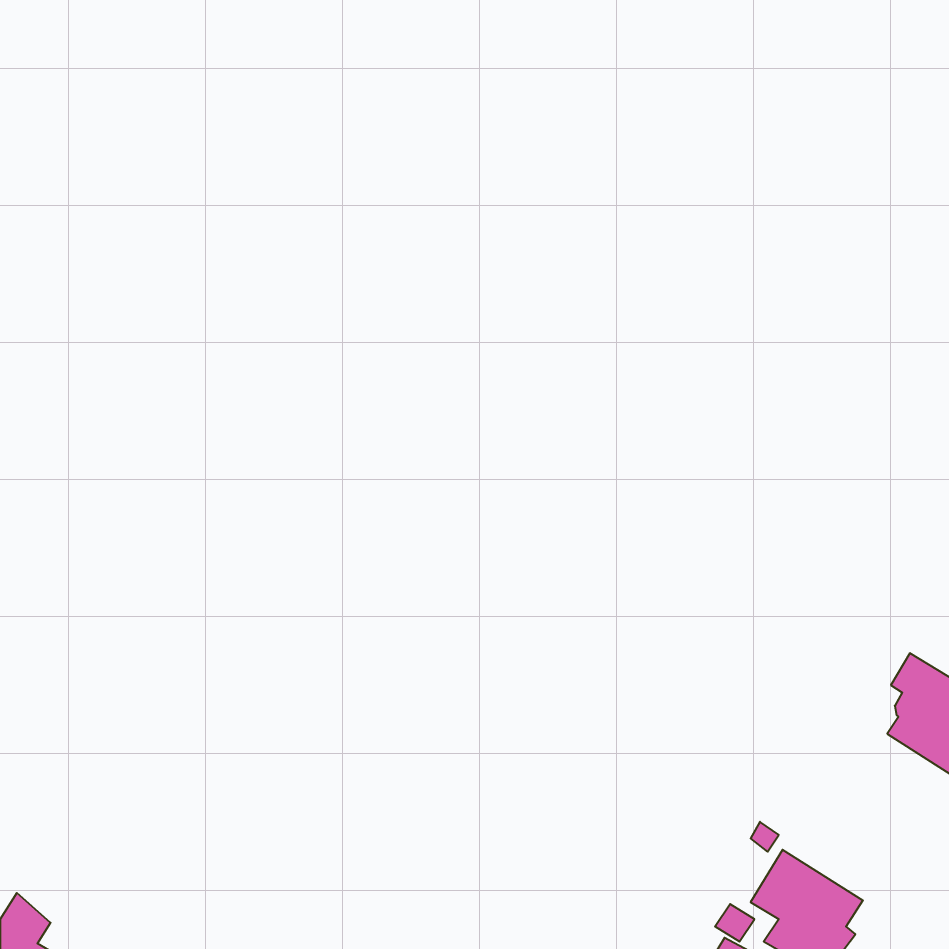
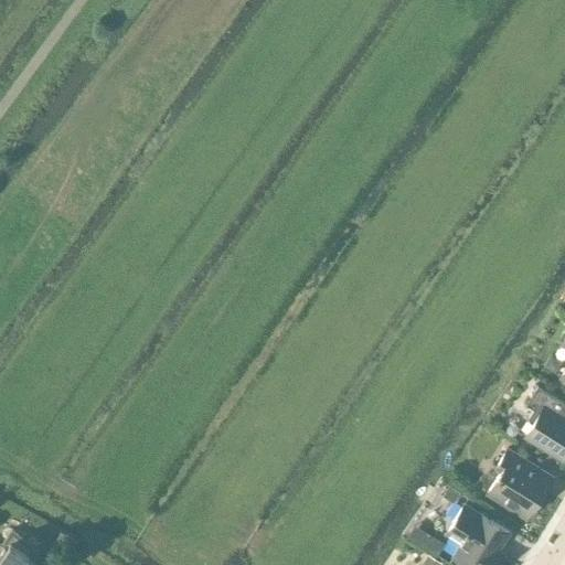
building: none -> [491,451,556,521]

